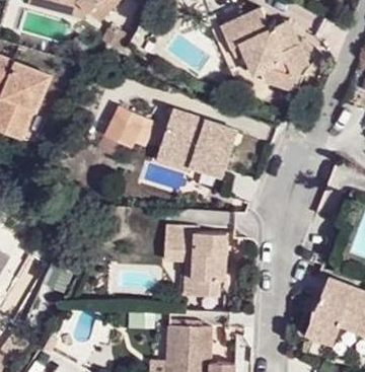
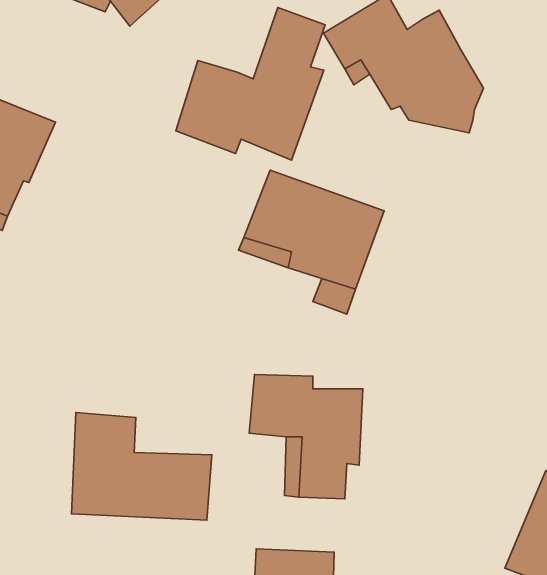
building: none -> [176,7,325,160]
building: [106,101,144,142] -> none
building: none -> [71,413,212,520]

